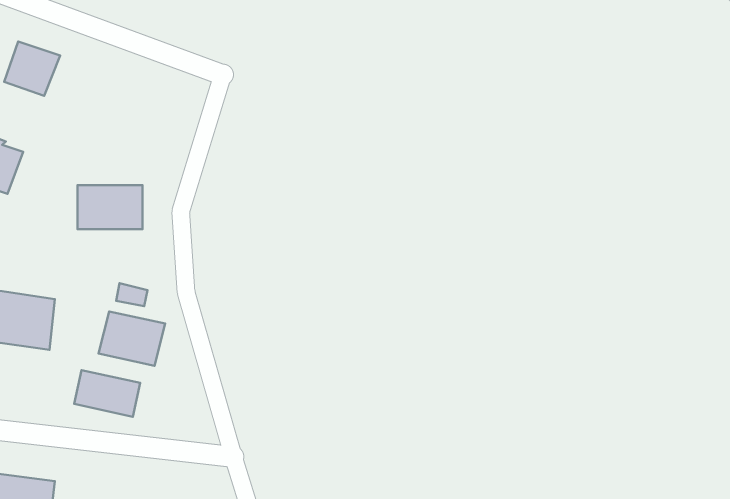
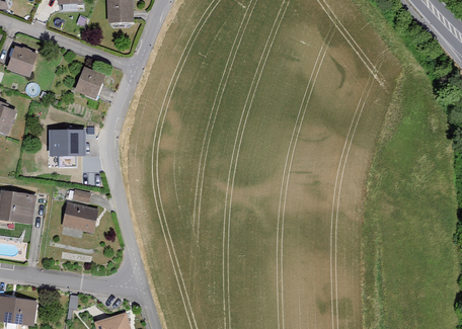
building: none -> [74,66,106,98]
building: [74,370,140,417] -> none

